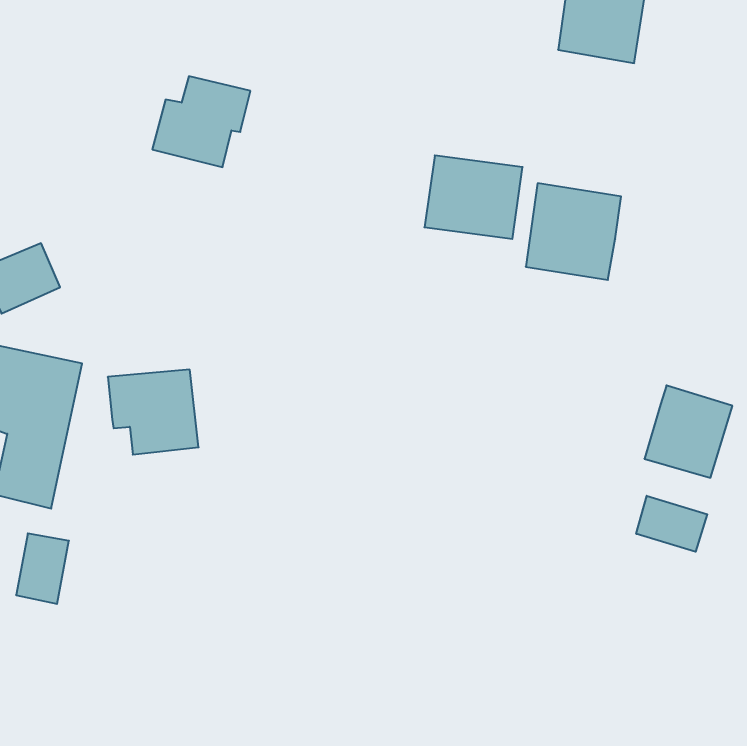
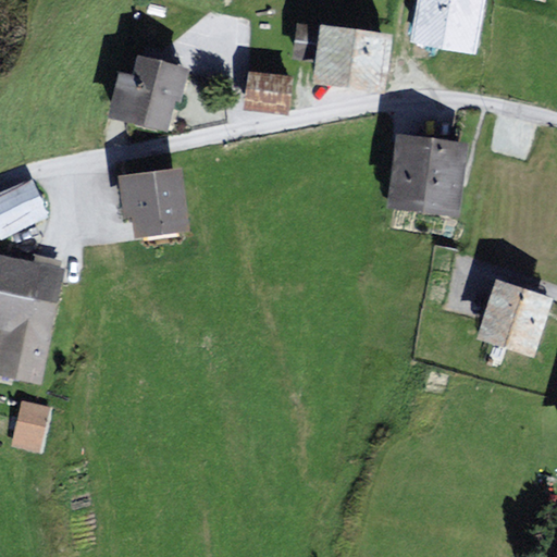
building: none -> [247,73,289,109]
building: [424,155,523,239] -> [314,25,387,87]
building: [108,370,199,455] -> [119,169,186,232]
building: [636,496,707,552] -> none

